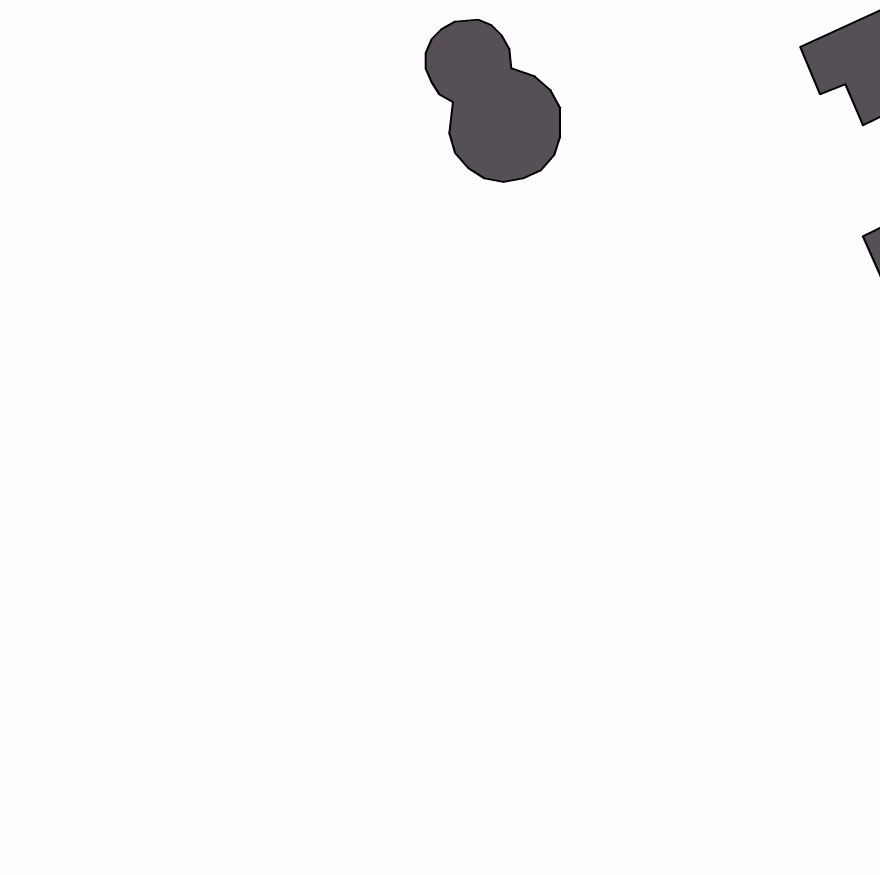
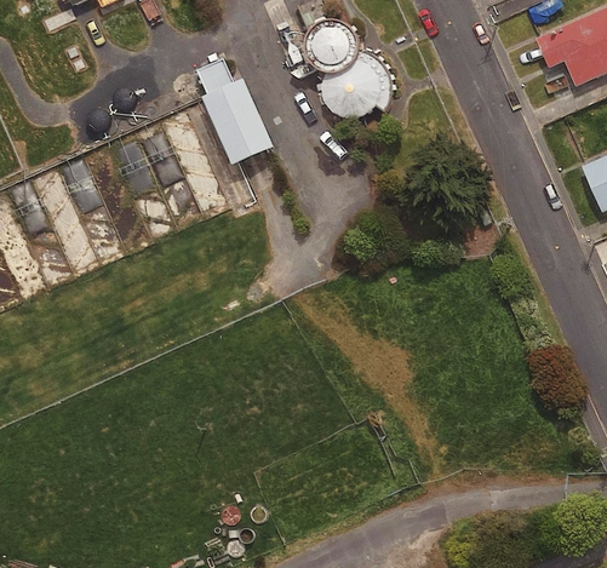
building: none -> [197,59,275,167]

